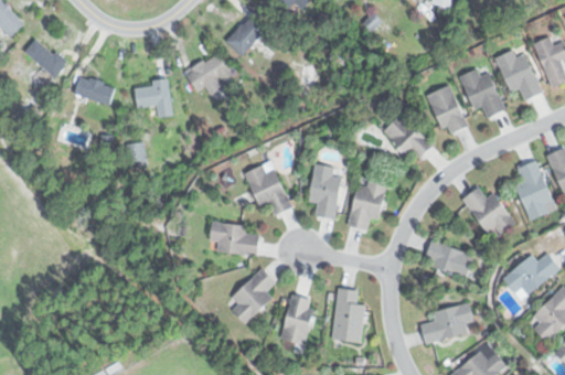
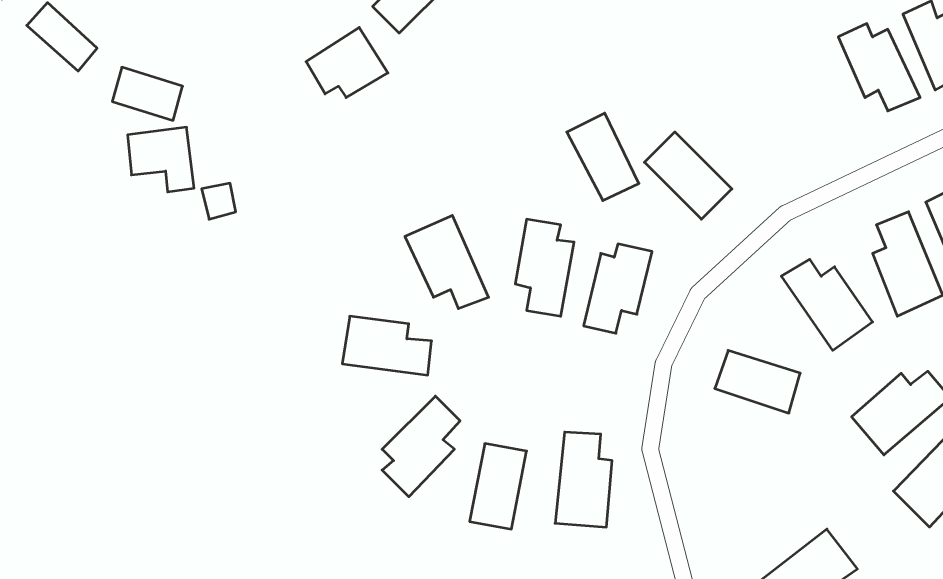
building: [460,69,505,118] -> none
building: [134,81,172,118] -> [128,127,194,192]
building: [426,85,468,136] -> [567,113,639,201]
building: [420,302,476,342] -> none

